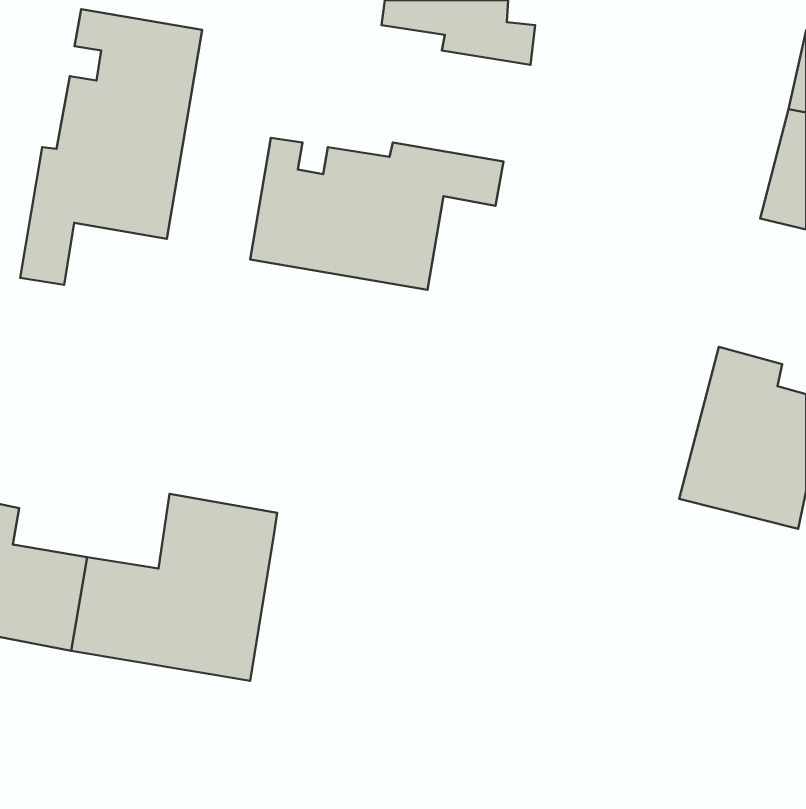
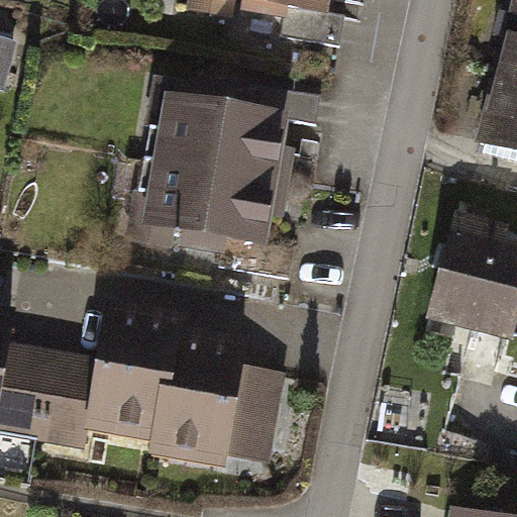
building: [20,9,202,285] -> none
building: none -> [146,166,296,278]
building: none -> [158,341,274,458]

